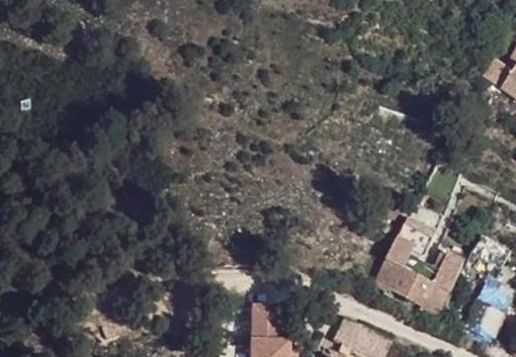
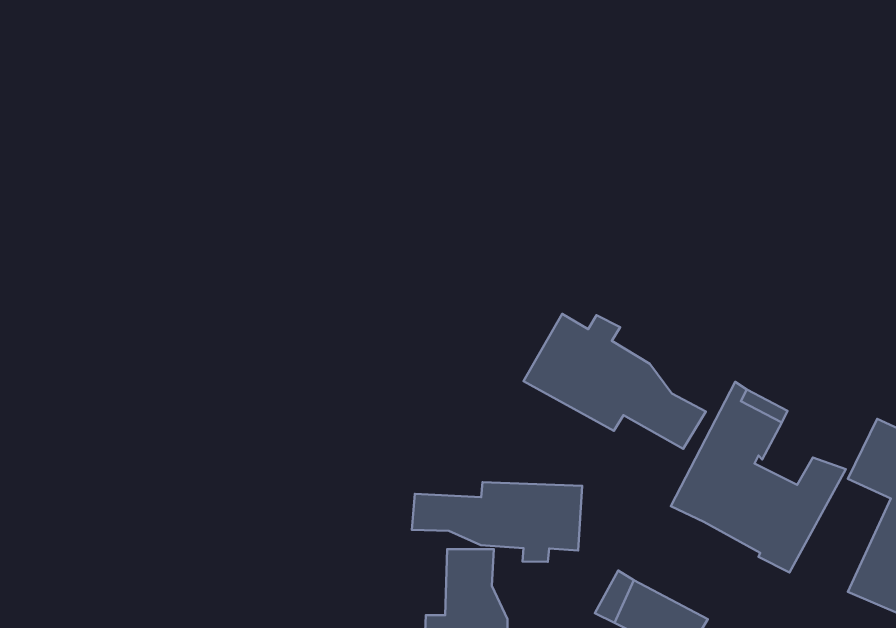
building: none -> [524,314,706,449]
building: none -> [412,482,582,562]

